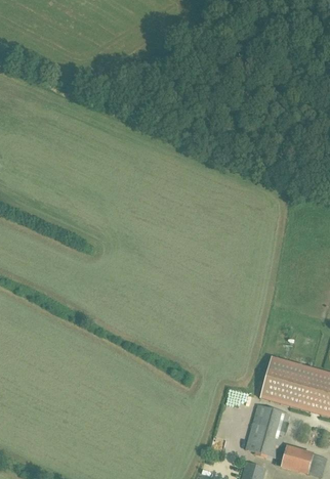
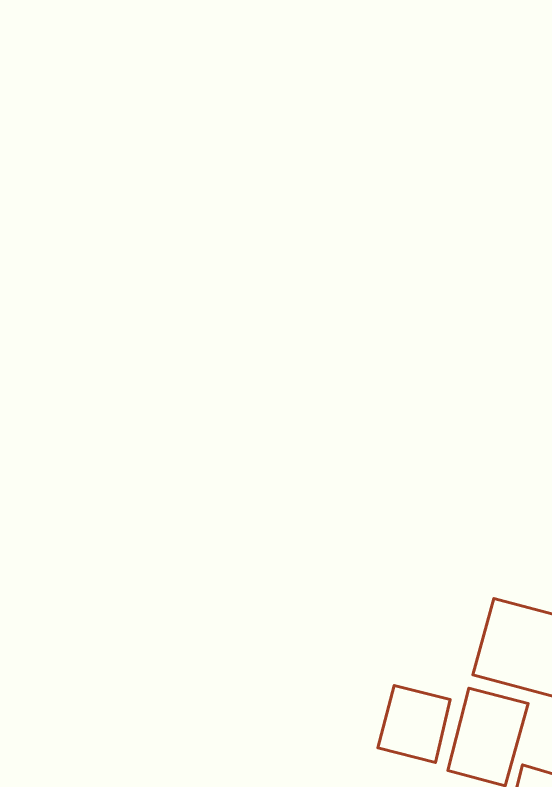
building: none -> [378,685,450,763]

